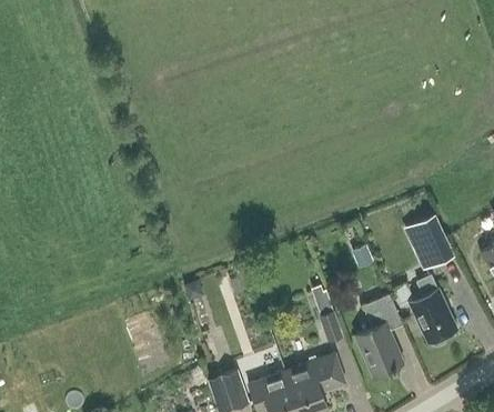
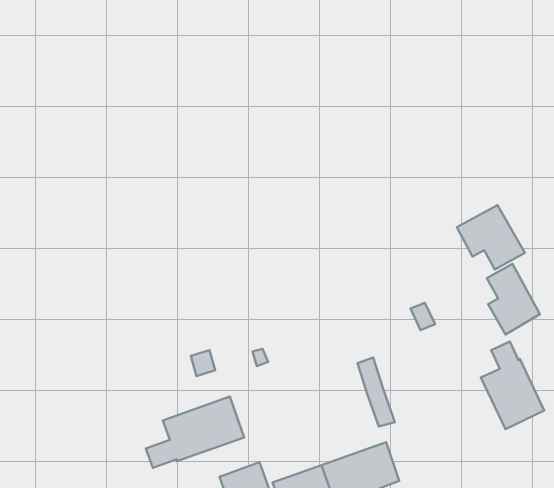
building: none -> [457,205,525,270]
building: [356,294,403,375] -> none
building: none -> [146,397,244,468]

